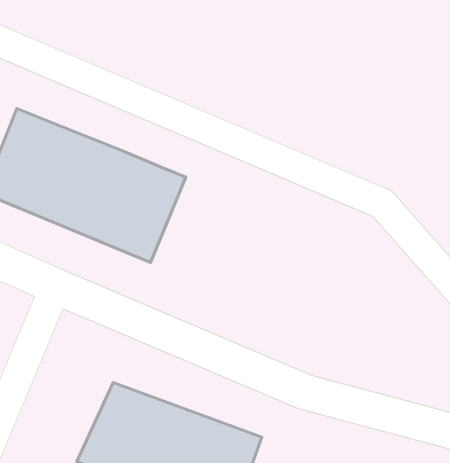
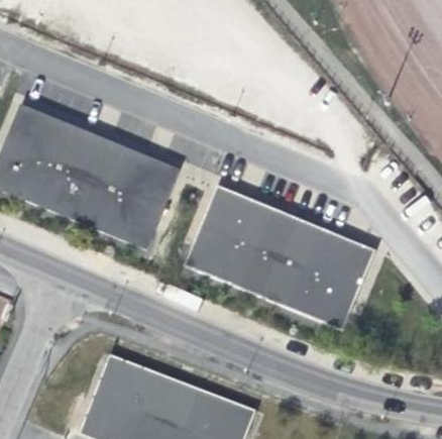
building: none -> [184,184,373,329]

